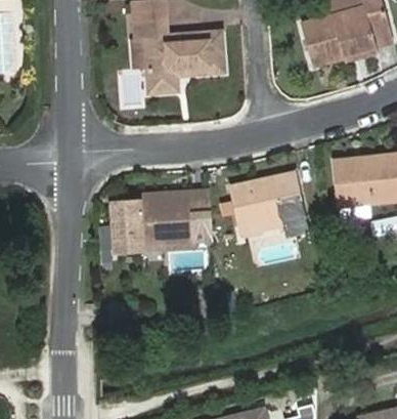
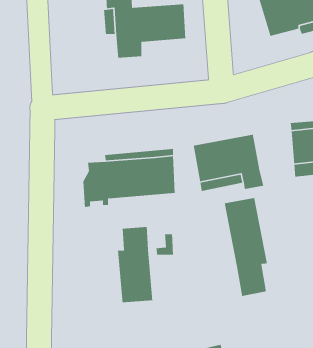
building: none -> [224,197,268,297]
building: none -> [117,226,153,303]

